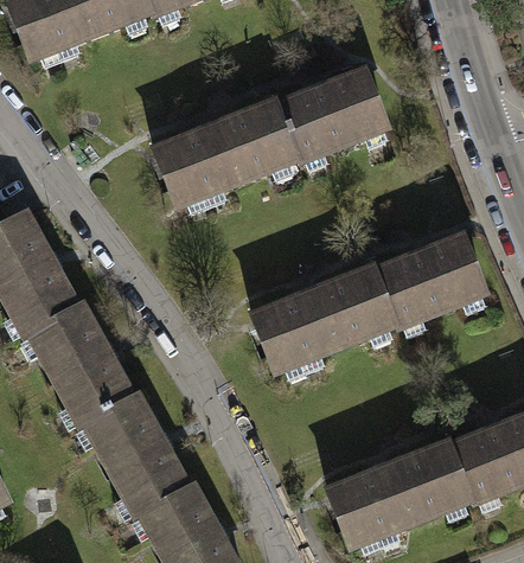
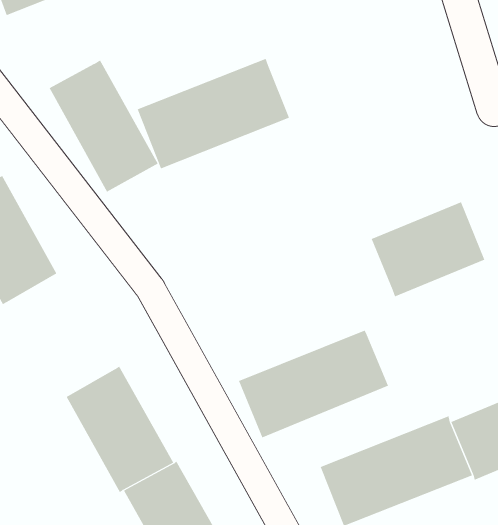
building: [279,72,388,161] -> none
building: none -> [49,59,158,192]
building: [253,267,396,370] -> [238,330,389,438]
building: [30,302,133,424] -> none

